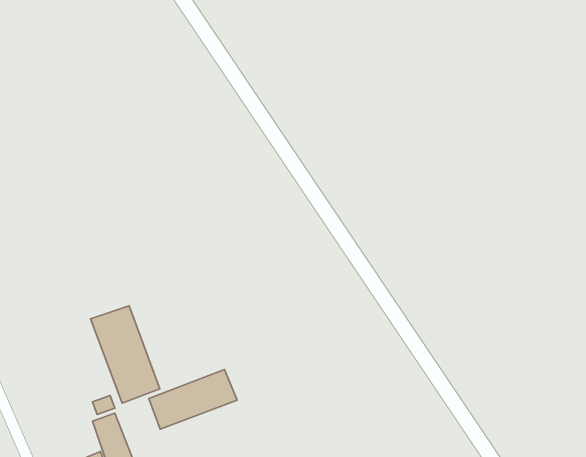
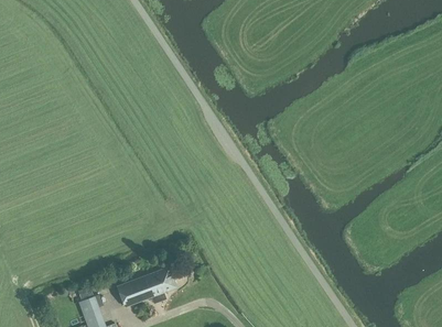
building: [91,306,160,403] -> none

